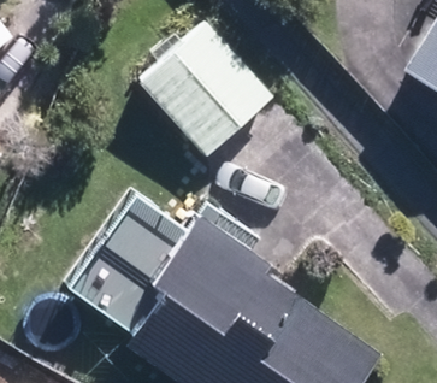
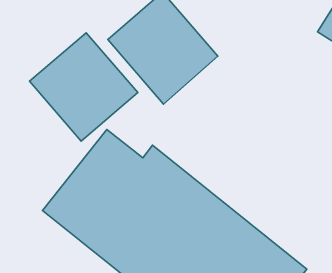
building: none -> [29,33,138,141]

